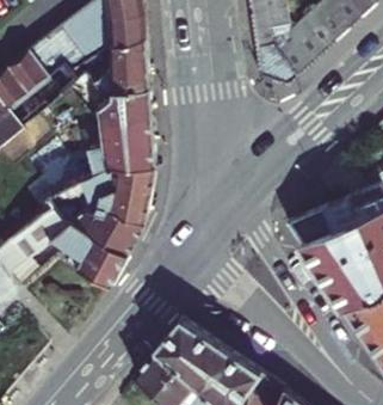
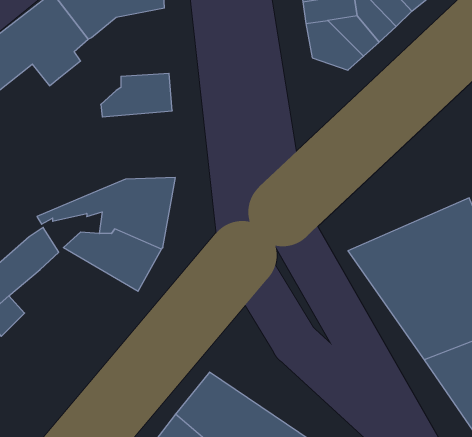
building: [76,38,149,102] -> none
building: [84,117,155,178] -> none
building: [50,222,125,284] -> none

